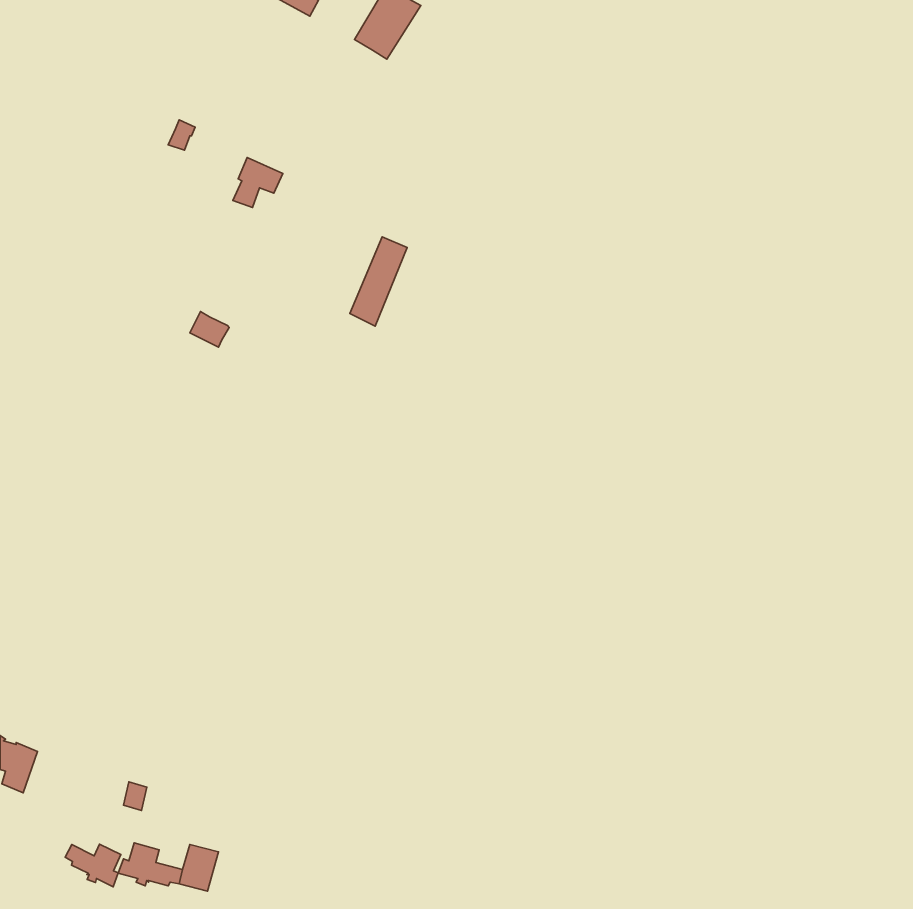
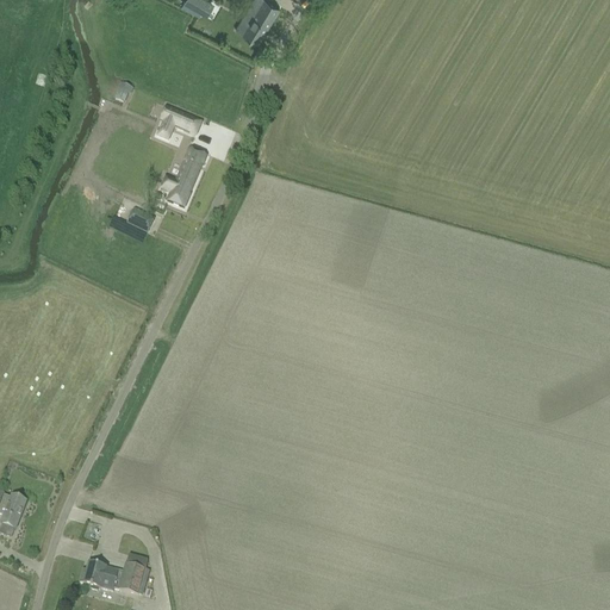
building: [350,237,407,326] -> [168,148,206,207]
building: [65,844,121,887] -> none

